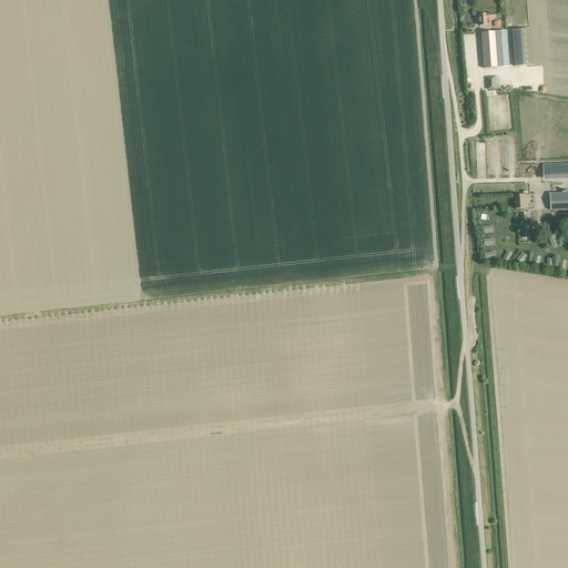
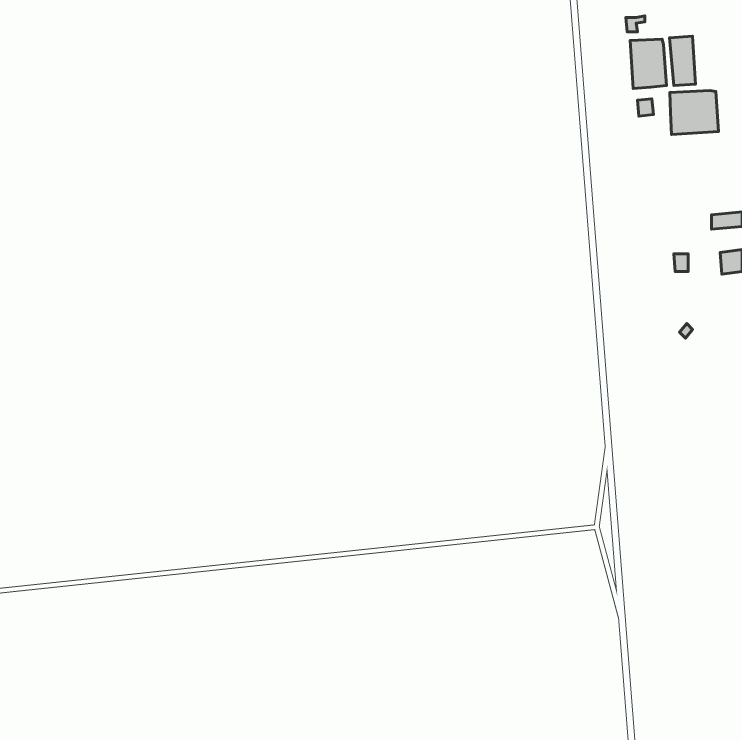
building: none -> [670,91,719,134]

